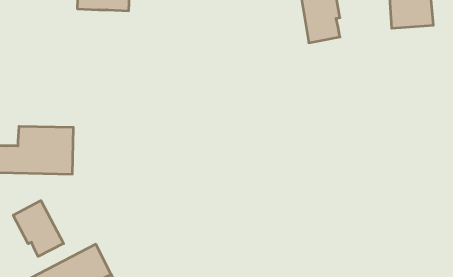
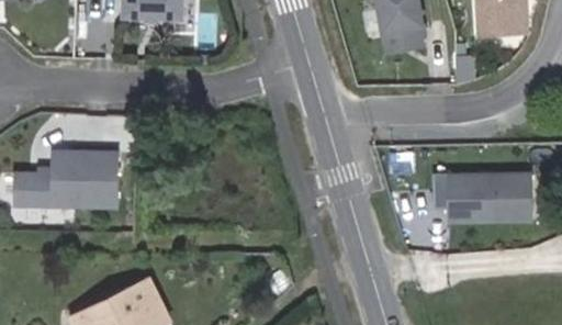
building: none -> [432,175,529,221]
building: [13,201,64,256] -> none

